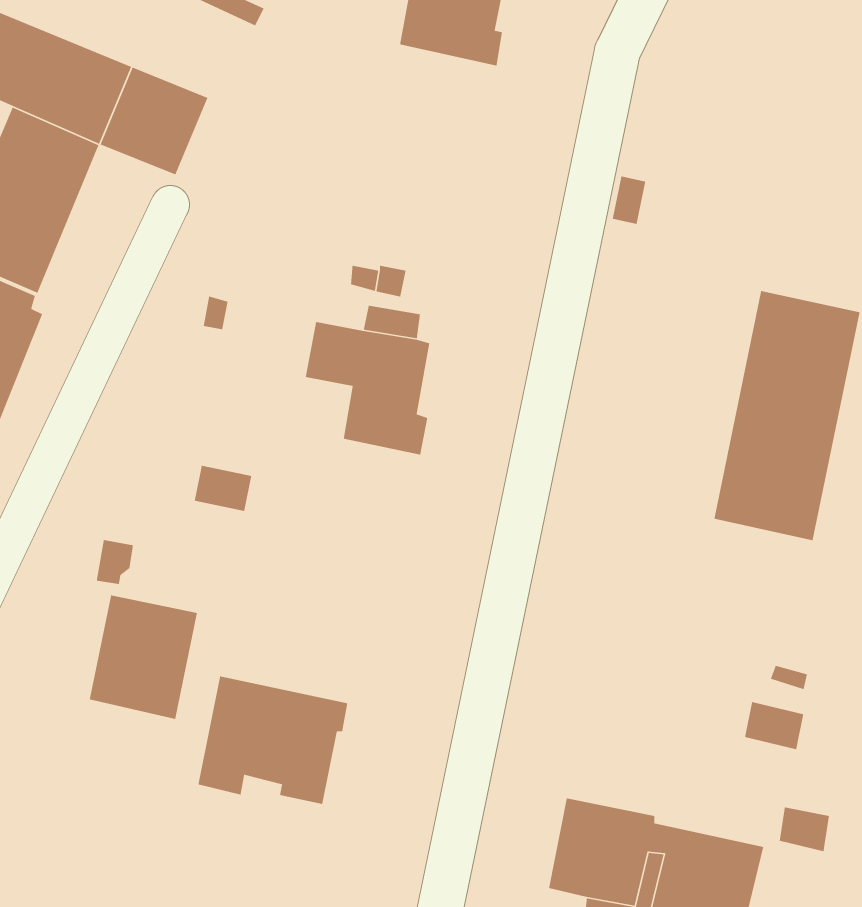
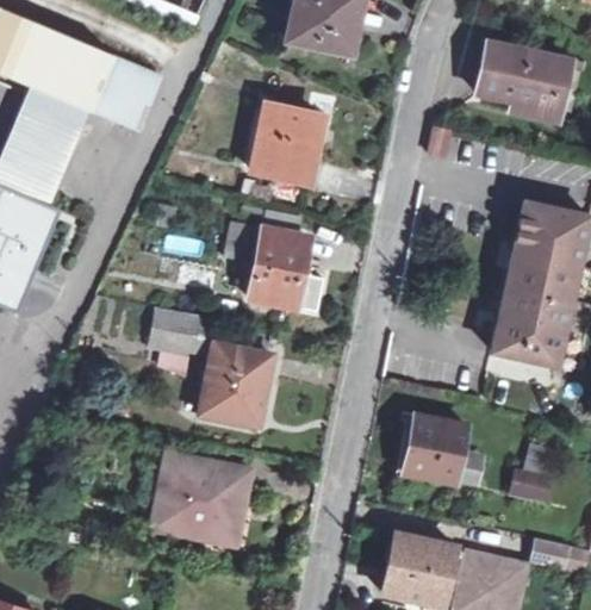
building: none -> [478,42,570,122]
building: none -> [254,104,319,180]
building: [89,594,198,720] -> [201,342,273,424]
building: none -> [398,416,483,481]

